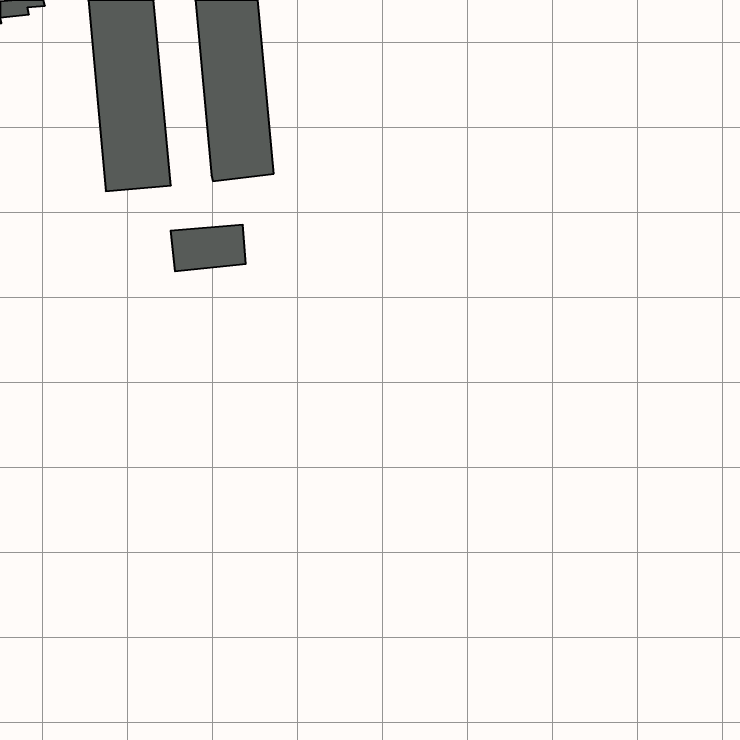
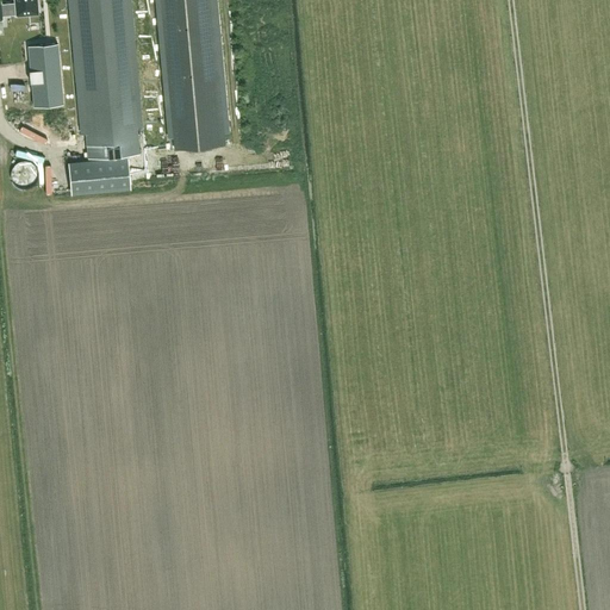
building: none -> [27,43,63,106]
building: [171,225,246,271] -> [68,156,130,194]

